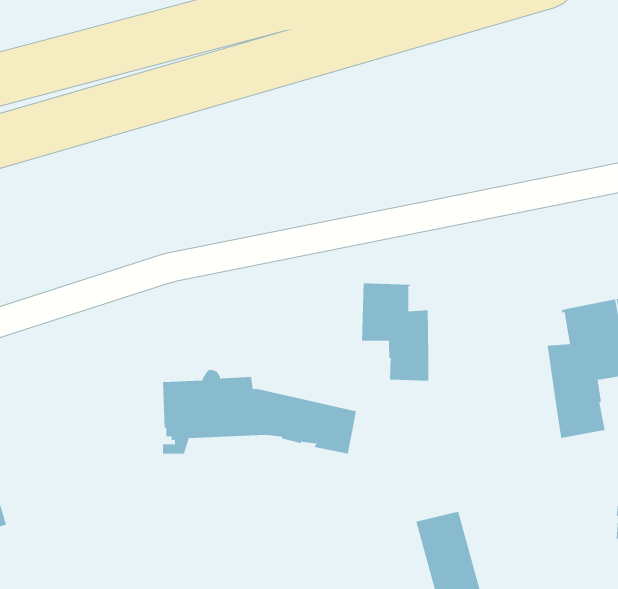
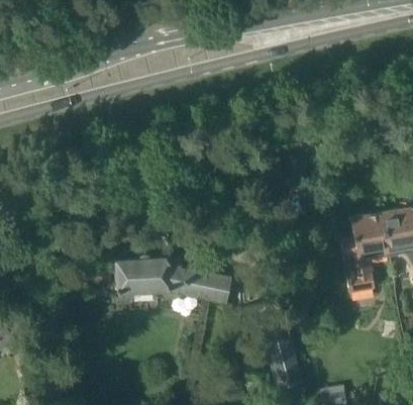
building: [362,282,429,381] -> none

